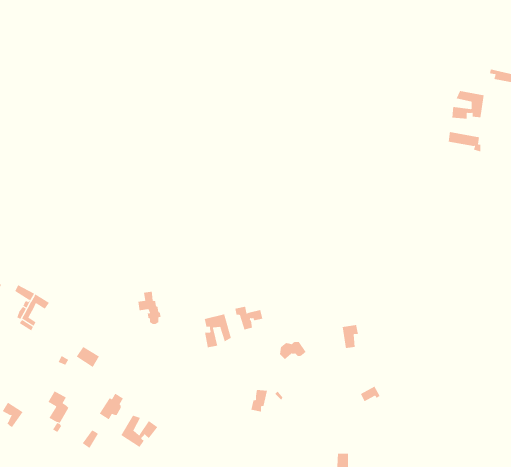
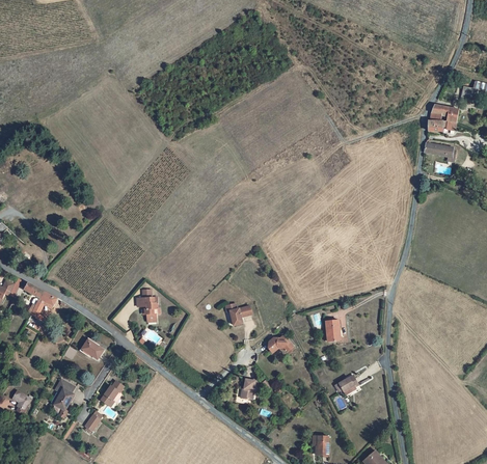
building: [204,313,232,348] -> none
building: [121,415,158,448] -> none

